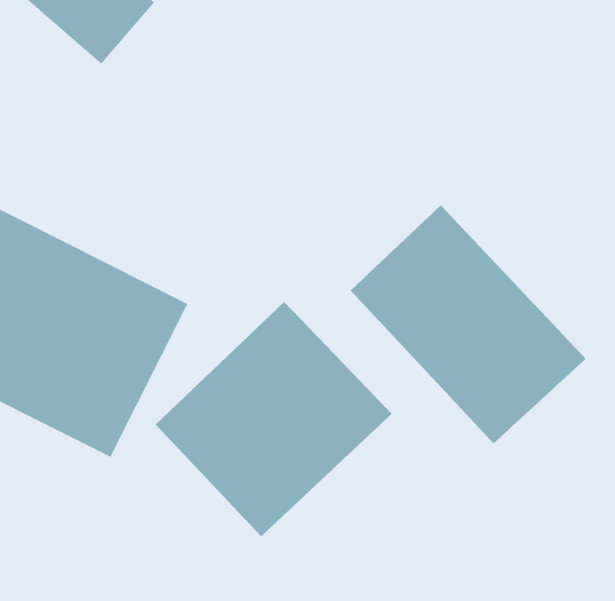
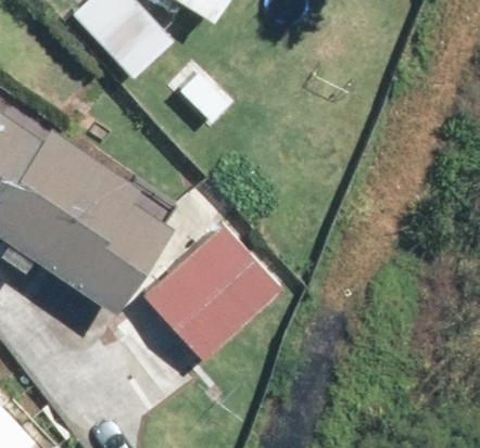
building: [350,205,586,444] -> none

